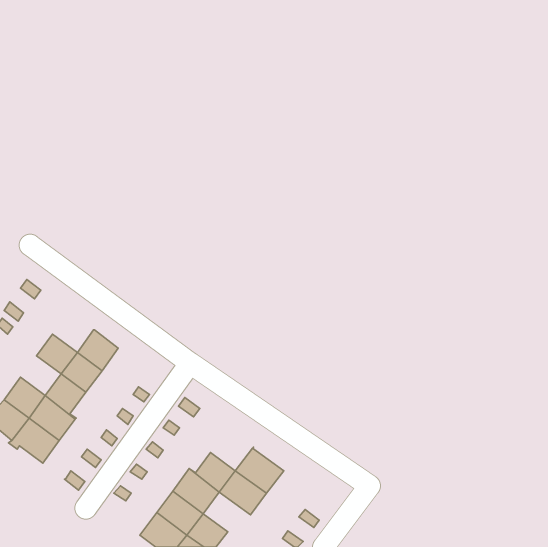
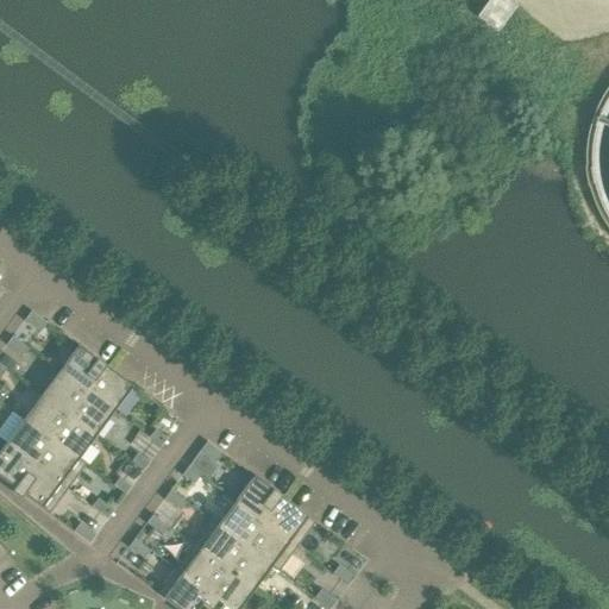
building: none -> [58,345,105,390]
building: none -> [23,394,68,438]
building: none -> [233,475,281,521]
building: none -> [225,545,277,589]

